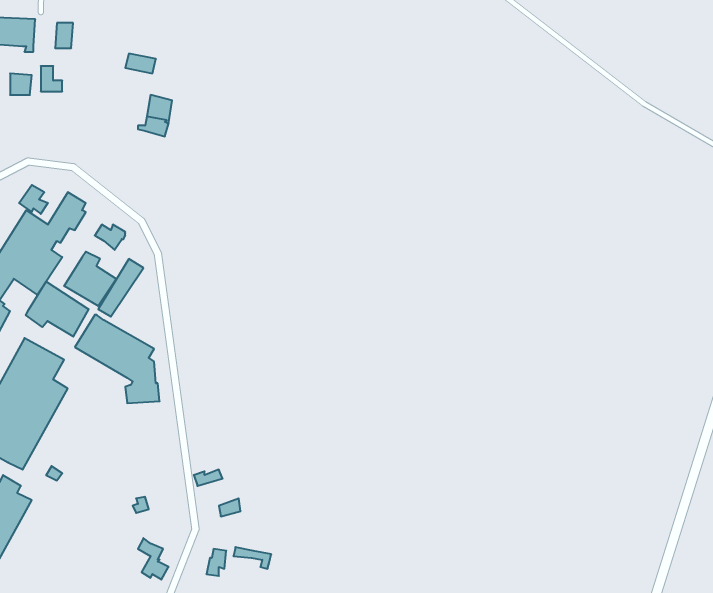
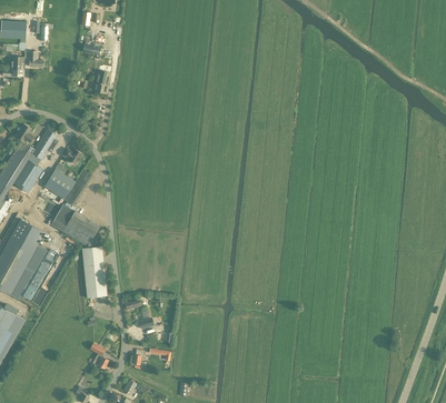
building: [26,282,89,337] -> none
building: none -> [82,258,106,298]

